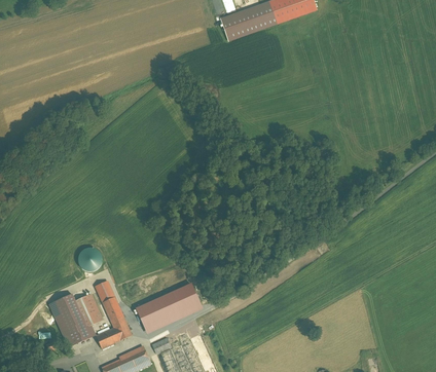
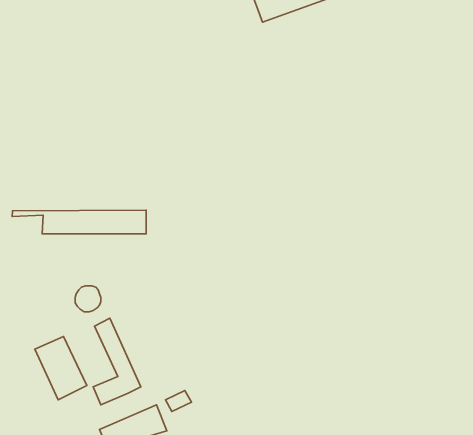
building: none -> [12,210,146,234]
building: [134,285,202,333] -> none
building: [76,290,105,323] -> none

